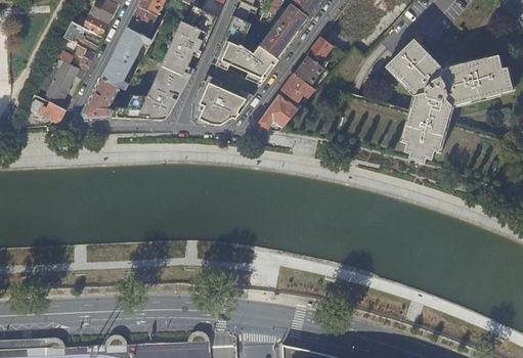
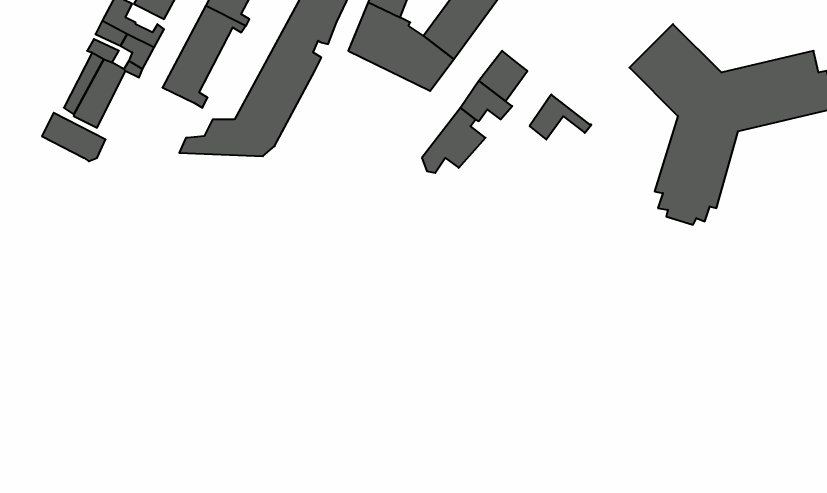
building: [308,37,346,64] -> [530,94,591,140]
building: [82,79,120,120] -> none
building: [191,80,249,127] -> none

